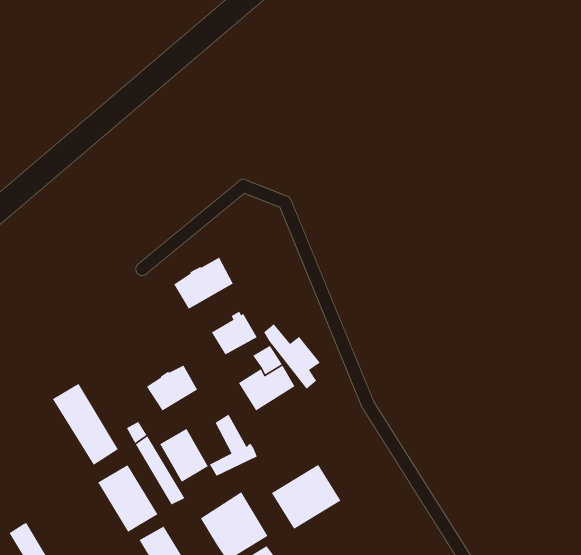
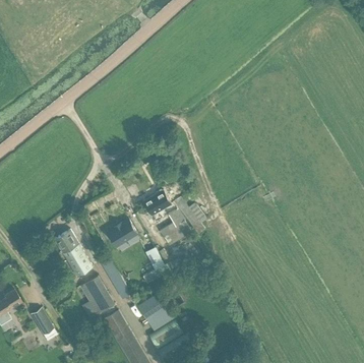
building: [173,257,234,310] -> none
building: [159,428,209,483] -> none
building: [271,464,342,530] -> none

